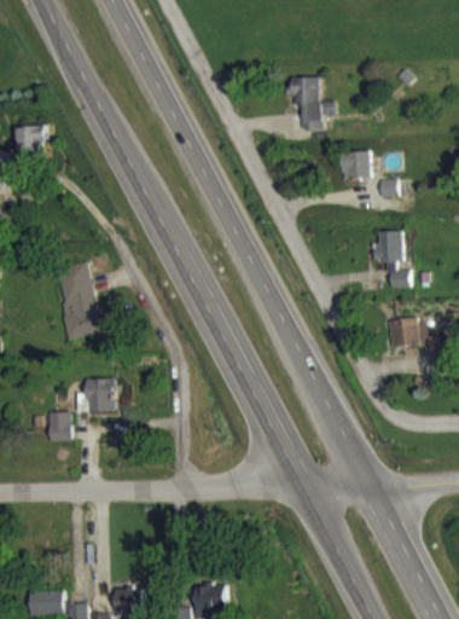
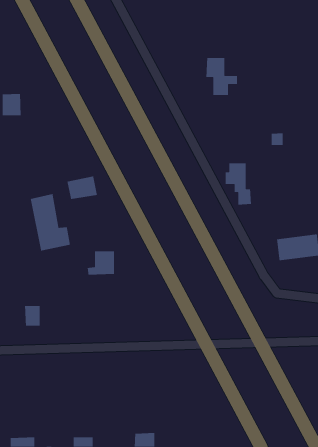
building: [342,151,371,180] -> none
building: [373,231,409,289] -> [225,162,252,205]
building: none -> [67,176,98,200]
building: [77,378,115,412] -> [87,250,115,276]

